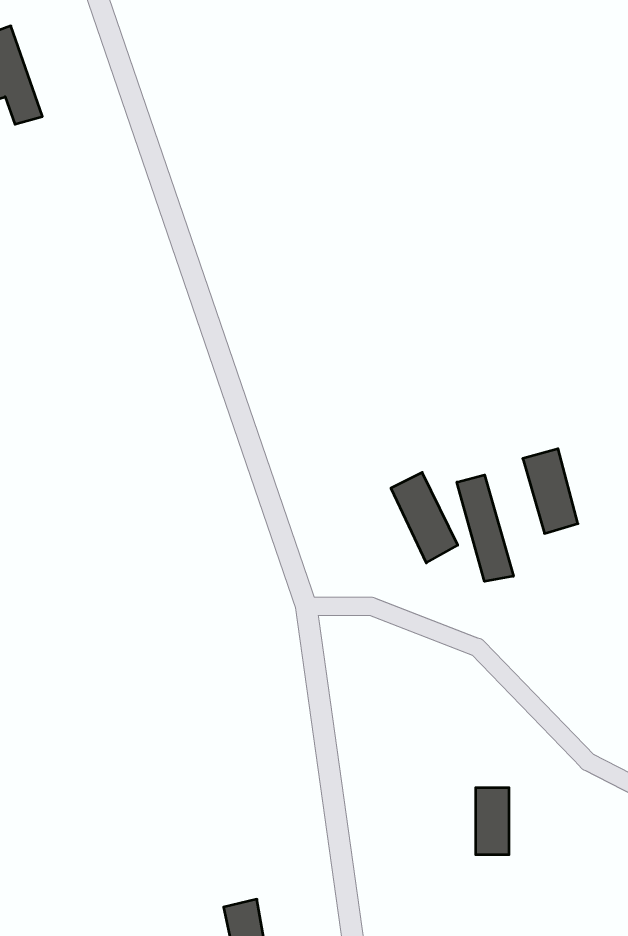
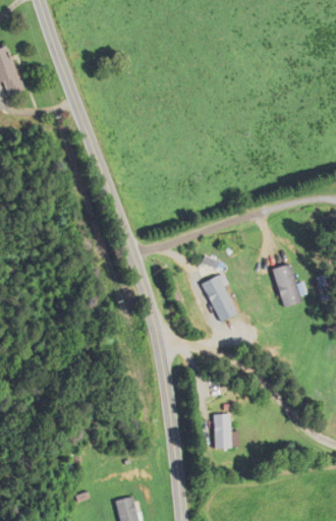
building: [457,475,513,581] -> none
building: [476,788,509,855] -> [215,414,232,449]

